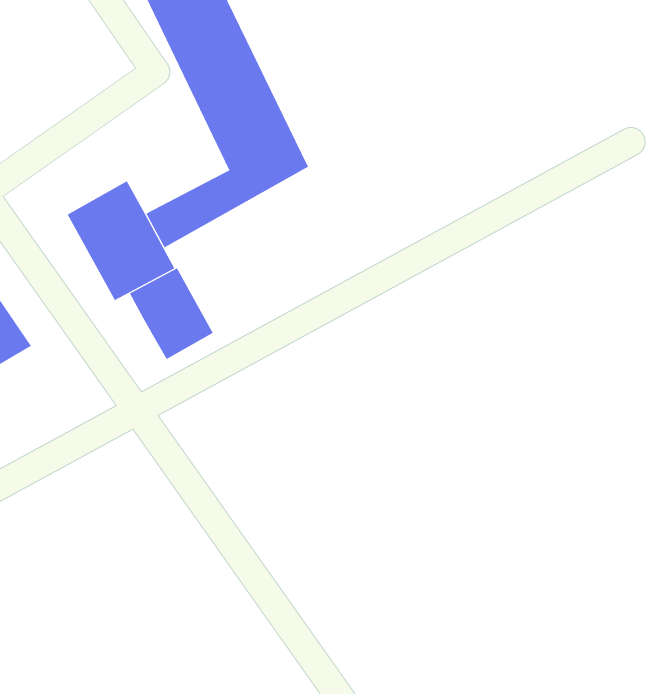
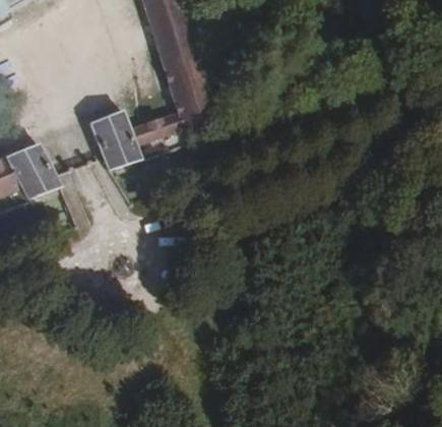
building: [129,267,213,360] -> none

